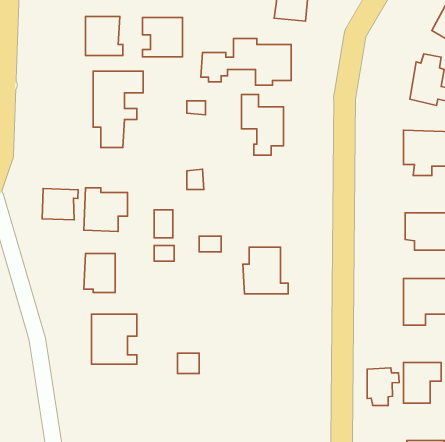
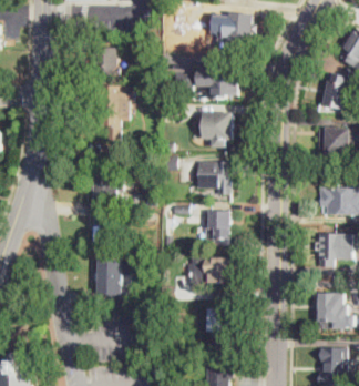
building: [142,18,182,57] -> none
building: none -> [196,161,230,195]
building: [42,189,78,220] -> none
building: none -> [188,258,236,284]
building: [367,368,399,406] -> none
building: none -> [206,308,230,345]

